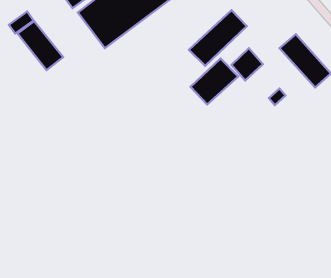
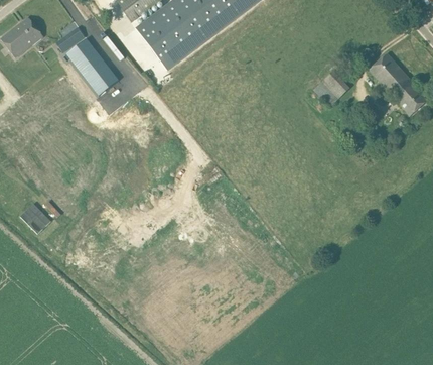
building: [189,10,247,66] -> none
building: [190,58,238,105] -> none

